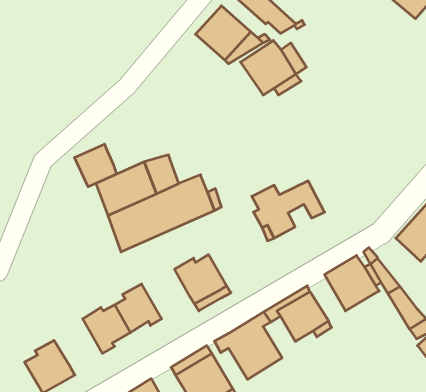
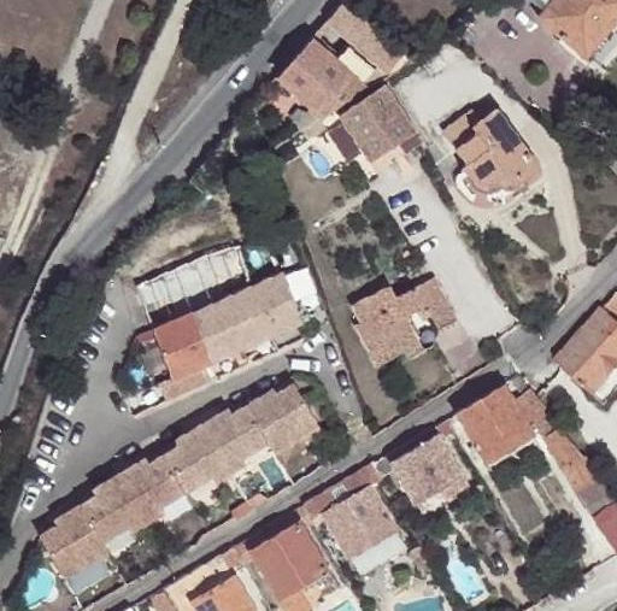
building: none -> [436,104,537,187]
building: [75,144,117,187] -> none
building: none -> [201,406,269,475]
building: none -> [80,475,147,542]

